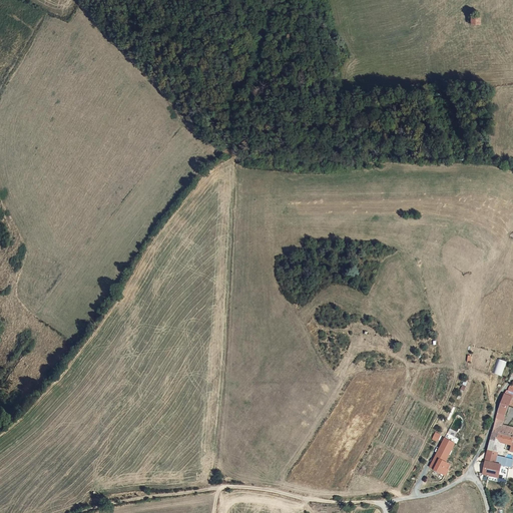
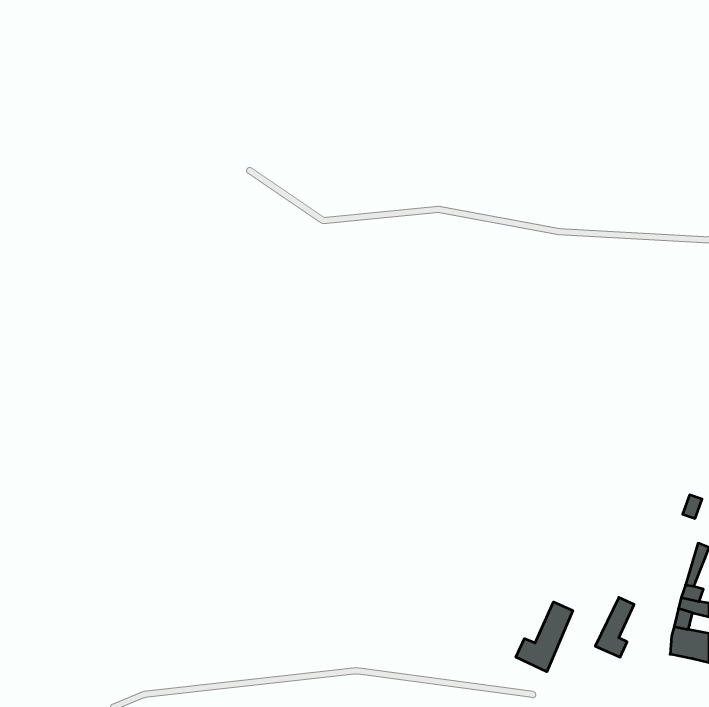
building: none -> [516,602,573,672]

